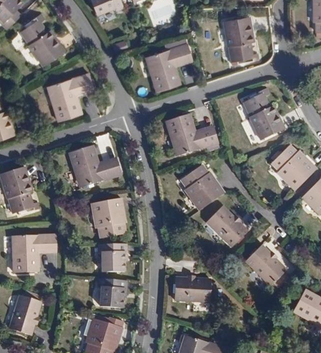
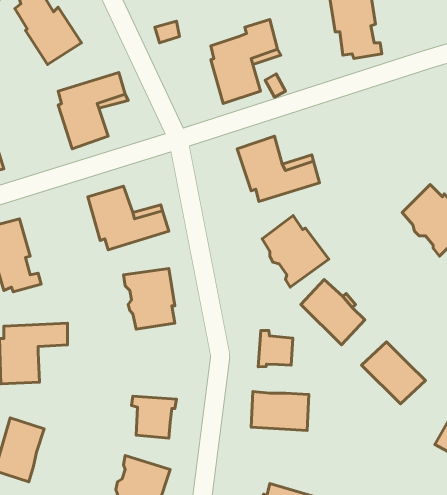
building: [245,88,284,140] -> none
building: none -> [258,331,293,367]
building: [98,245,126,271] -> none

